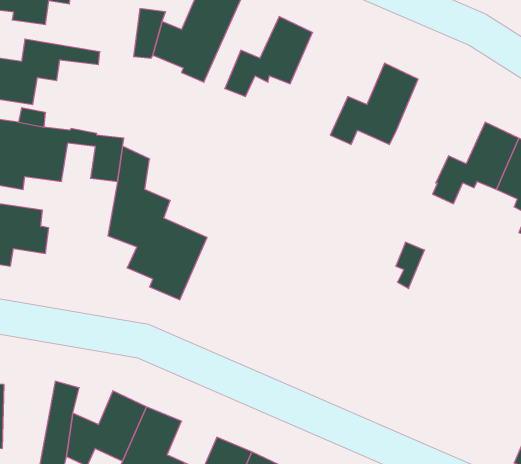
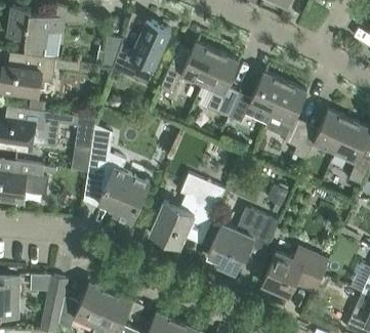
building: none -> [198,51,240,117]
building: none -> [271,81,307,148]
building: none -> [150,173,225,247]
building: none -> [208,206,279,273]
building: none -> [262,248,328,295]

